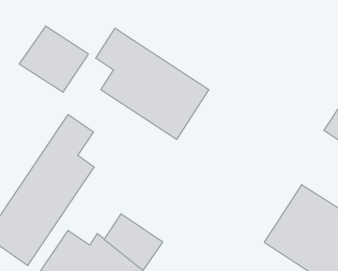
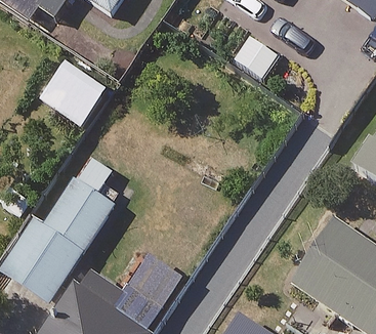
building: [96,28,209,139] -> none

